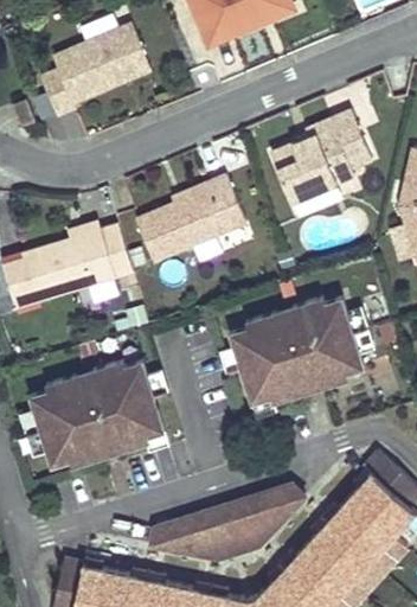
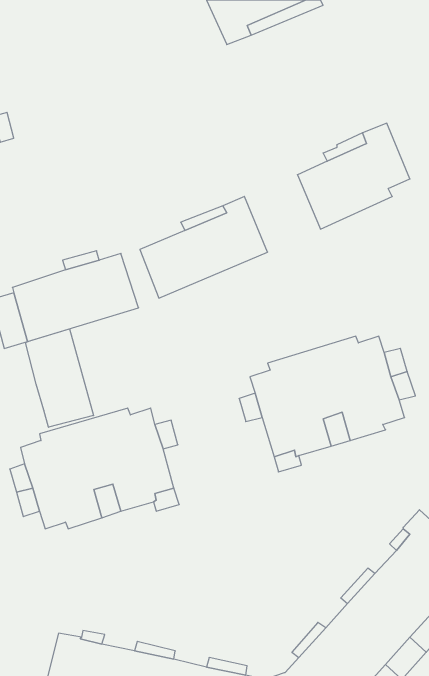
building: [39,25,150,116] -> none
building: none -> [26,329,94,427]
building: [149,485,304,561] -> none

